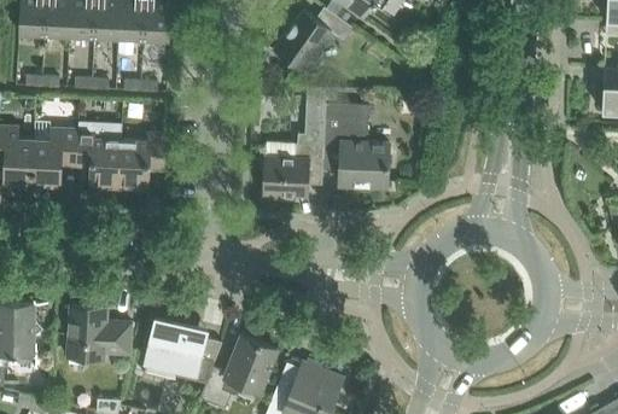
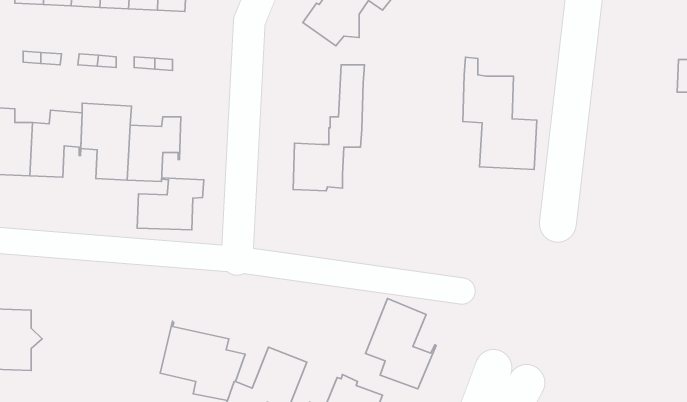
building: [325,88,390,187] -> [463,57,537,169]
building: none -> [137,178,204,230]
building: none -> [366,299,436,389]
building: [68,305,132,361] -> none

